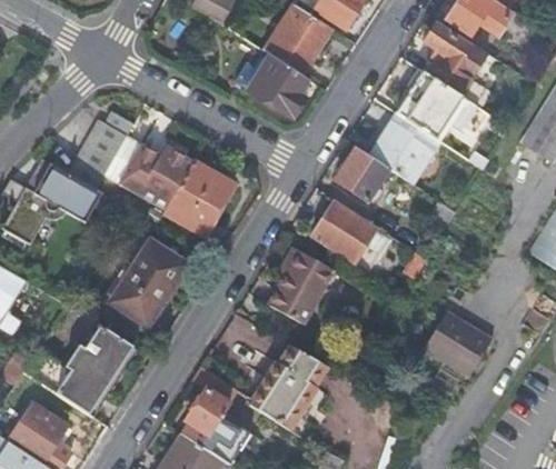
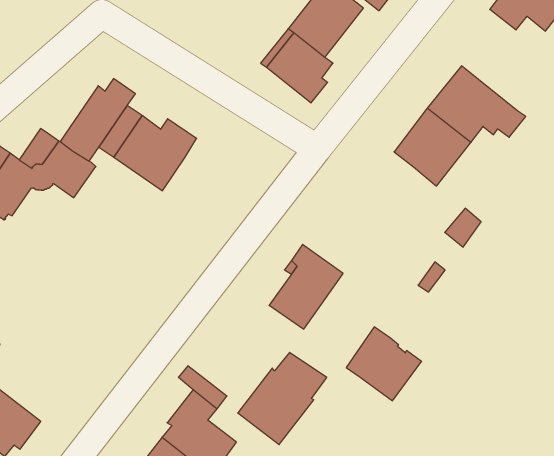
building: [426,26,489,110] -> none
building: [336,148,389,201] -> none
building: [162,160,232,234] -> none
building: [314,203,375,263] -> none
building: [109,240,185,326] -> none
building: [425,311,493,377] -> [346,327,422,401]
building: [37,327,132,415] -> none

